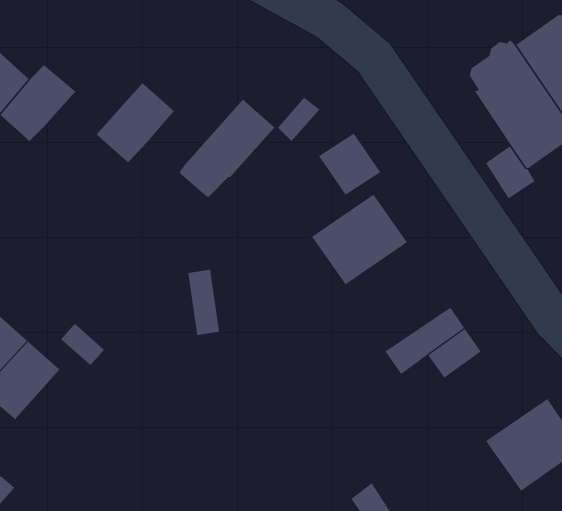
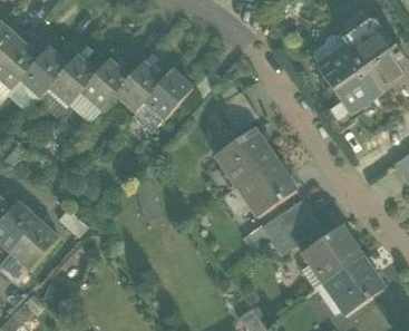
building: none -> [49,55,98,105]
building: none -> [116,61,173,110]
building: none -> [236,158,296,216]
building: none -> [302,225,362,282]

